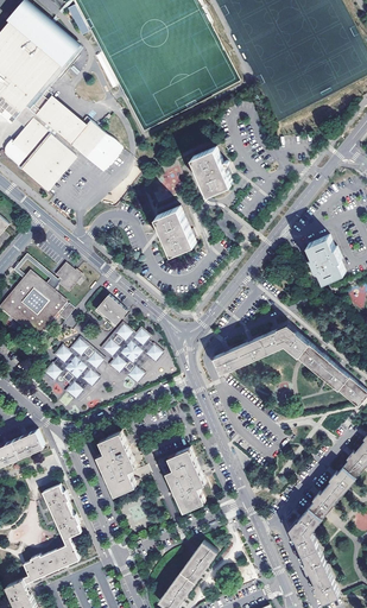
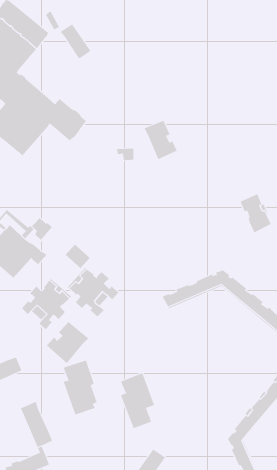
building: none -> [60,23,91,59]
building: [156,205,195,253] -> none
building: none -> [46,321,89,364]

